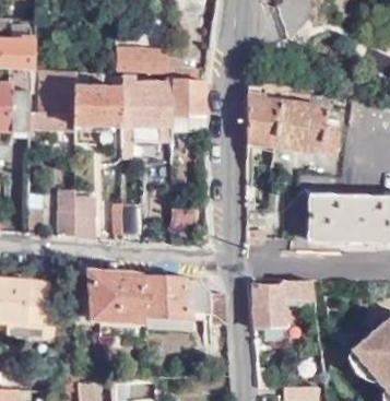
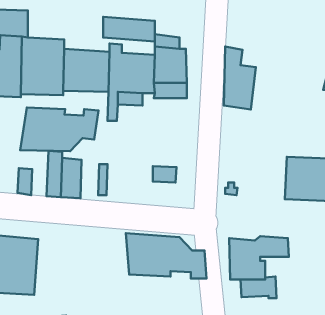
building: [272,90,340,154] -> none
building: none -> [20,108,98,151]
building: [86,272,143,322] -> none

